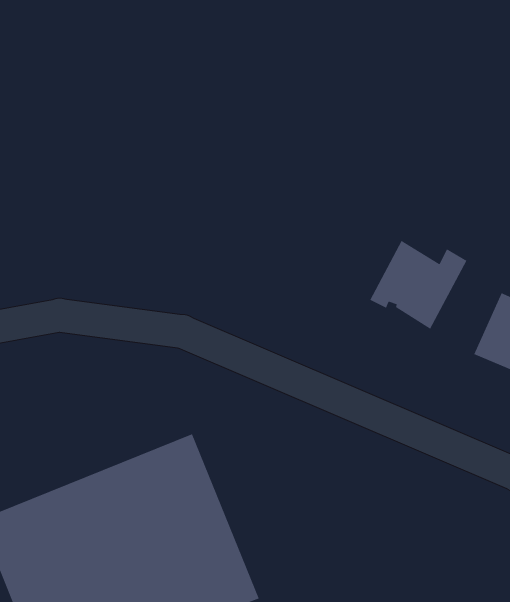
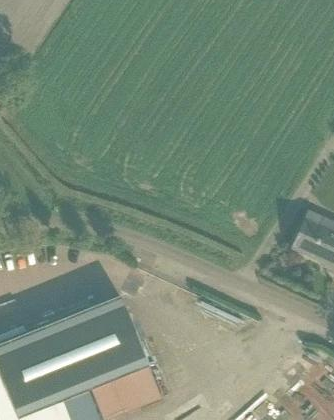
building: [369,240,468,330] -> none

